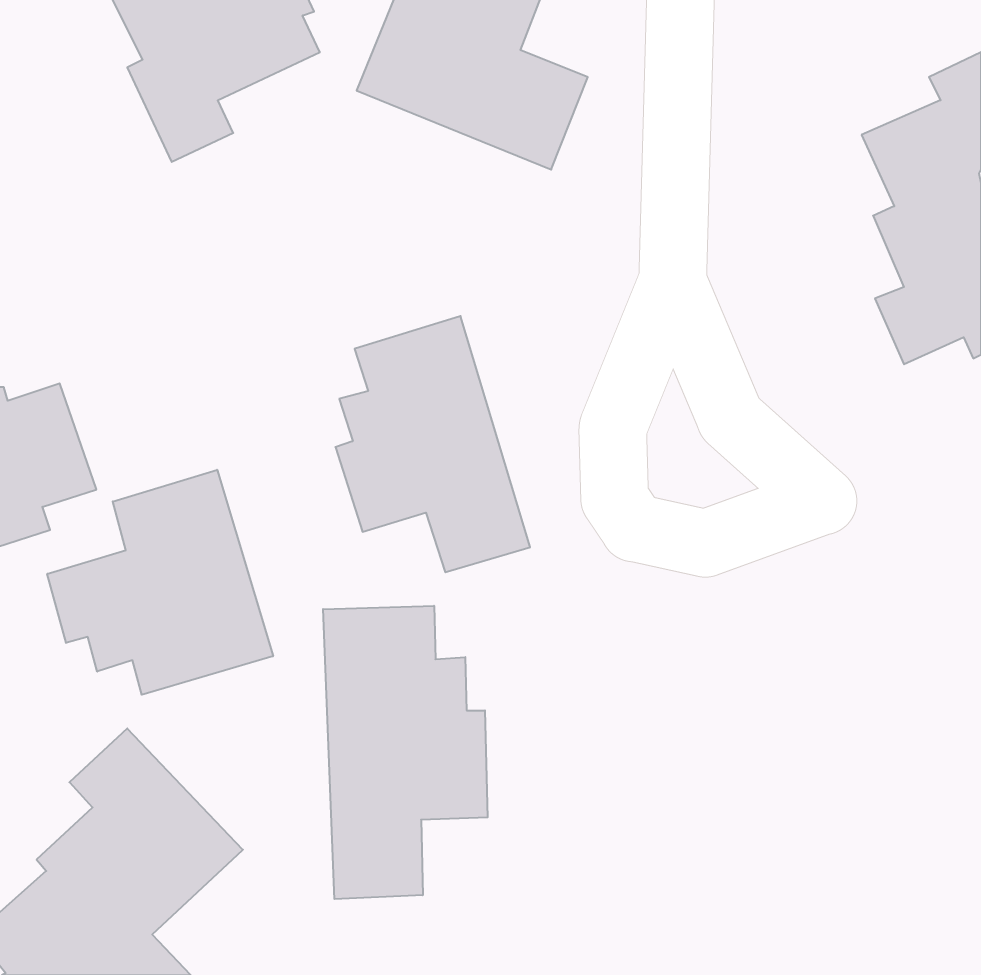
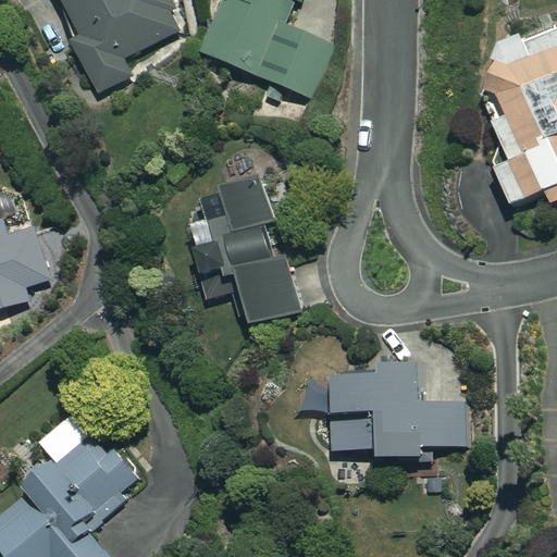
building: [47,470,273,695] -> none
building: [323,606,488,899] -> none
building: none -> [306,367,468,459]

